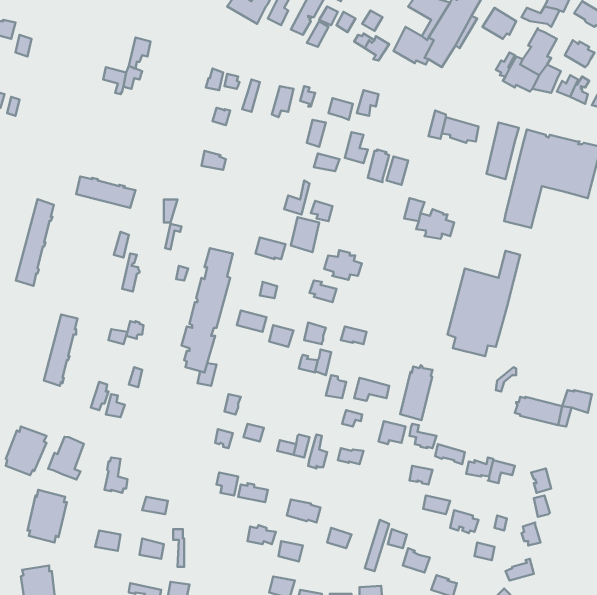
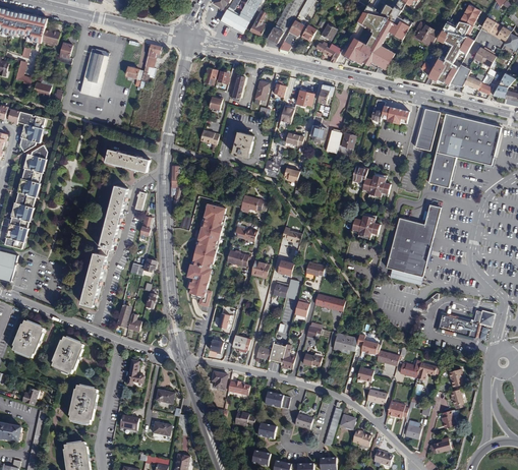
building: none -> [80,48,109,97]
building: [16,199,54,286] -> [100,184,128,249]
building: [291,217,319,252] -> [233,131,254,158]
building: [324,250,362,280] -> [352,214,381,236]
building: [400,365,433,420] -> none
building: [48,437,84,480] -> none

